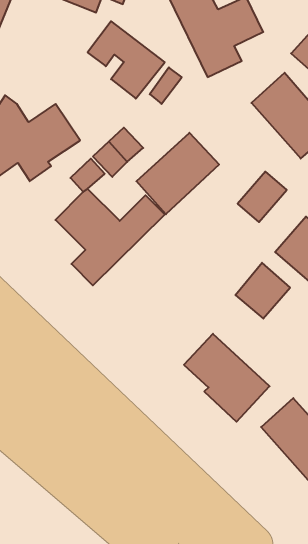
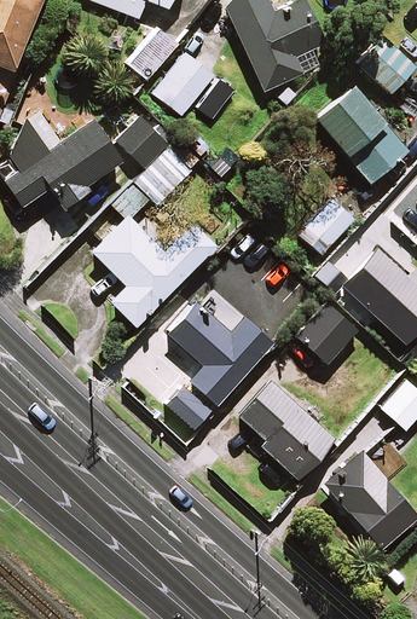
building: none -> [118,116,167,166]
building: [136,133,219,214] -> none
building: none -> [168,300,272,428]

